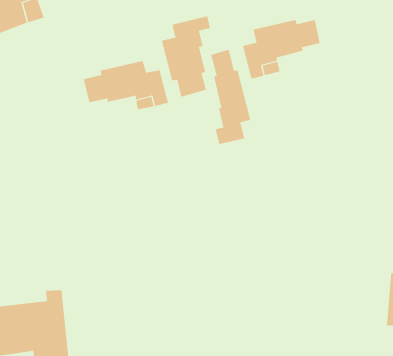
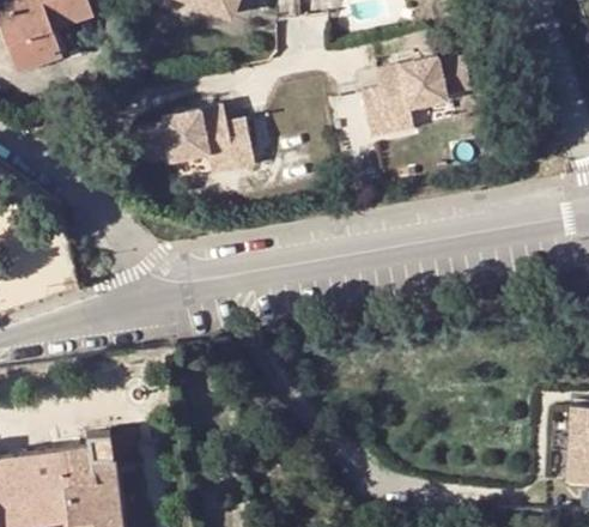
building: [161,15,211,97] -> none
building: [211,49,251,145] -> none

